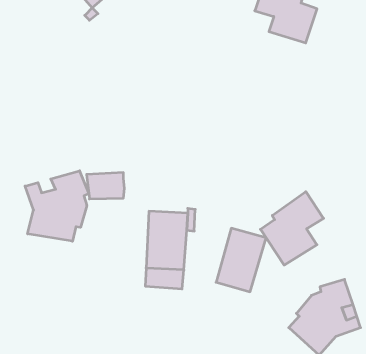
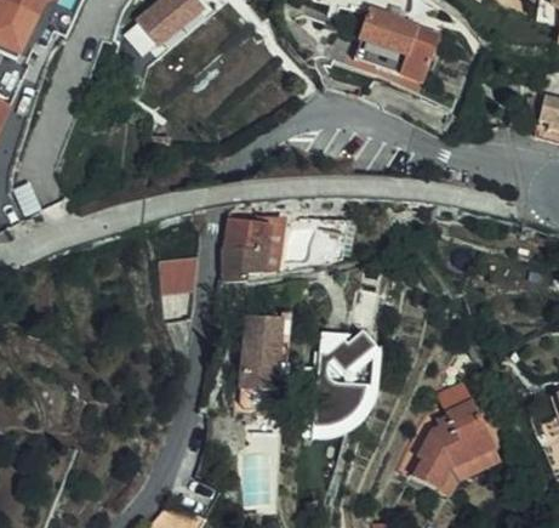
building: none -> [222,214,283,274]
building: [25,171,89,241] -> none
building: [260,192,324,265] -> none

